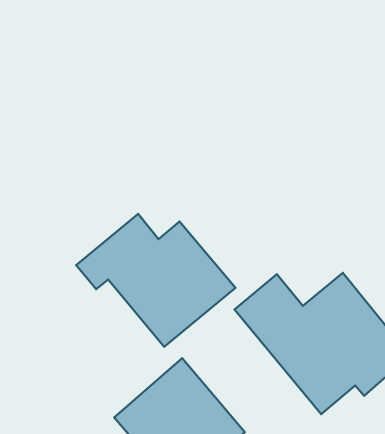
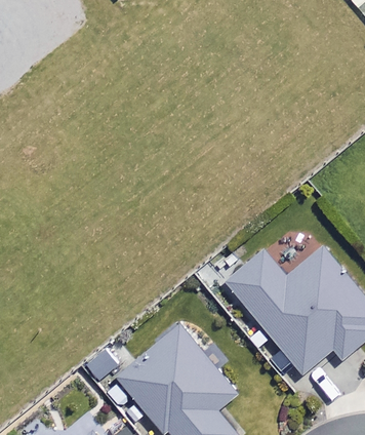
building: [76,214,236,347] -> none

